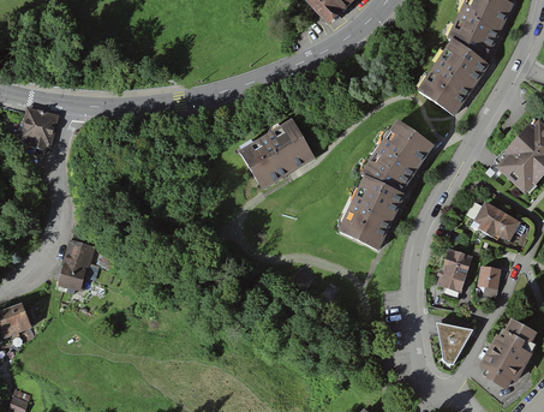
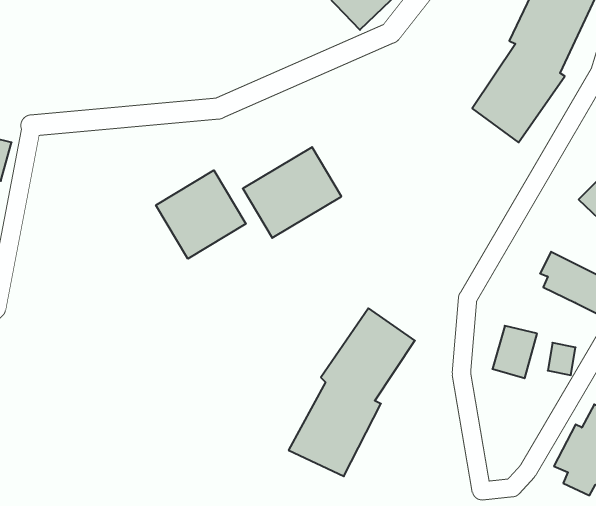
building: [336,121,435,252] -> [289,308,415,476]
building: none -> [156,170,246,259]
building: [59,238,97,289] -> none
building: [437,322,473,364] -> none

